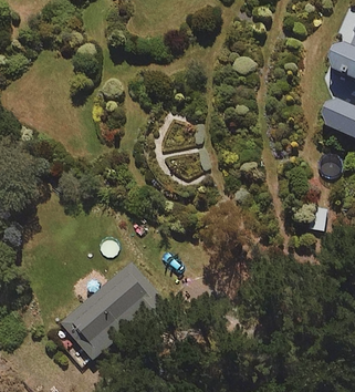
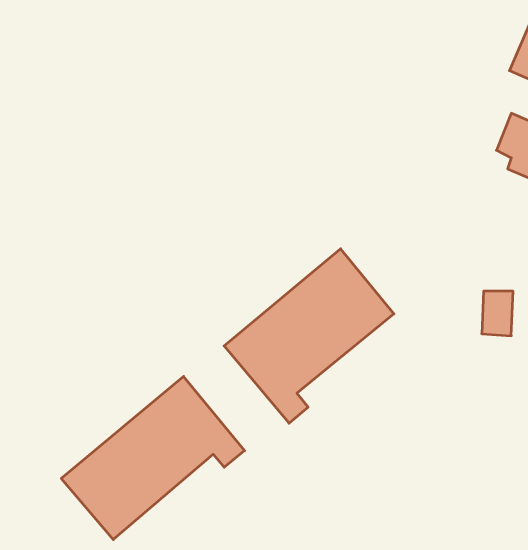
building: none -> [224,249,394,423]

